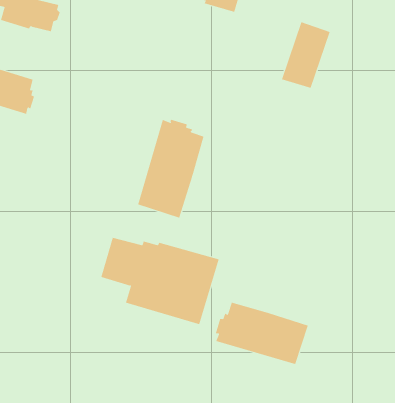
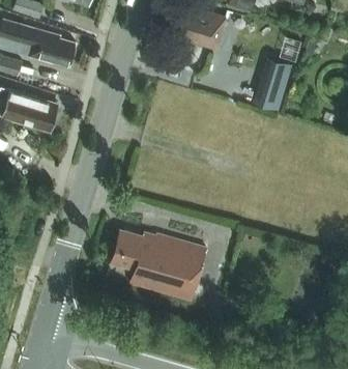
building: [137,119,204,219] -> none
building: [215,302,309,365] -> none

